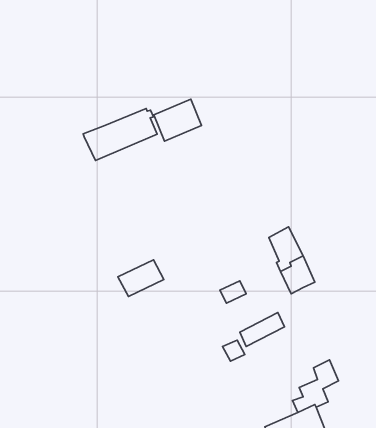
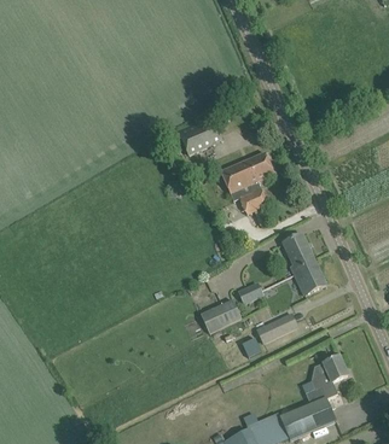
building: [83,108,157,161] -> none
building: none -> [220,152,274,214]
building: [118,260,164,297] -> [199,298,242,332]

